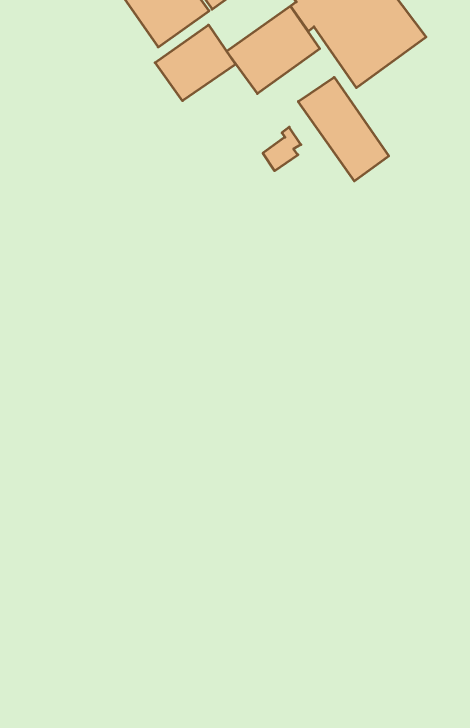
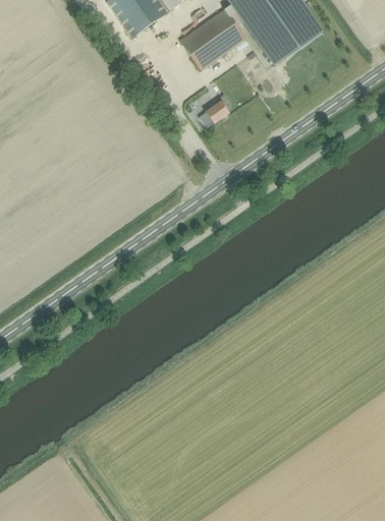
building: [155,25,236,101] -> none
building: [298,77,389,181] -> none

